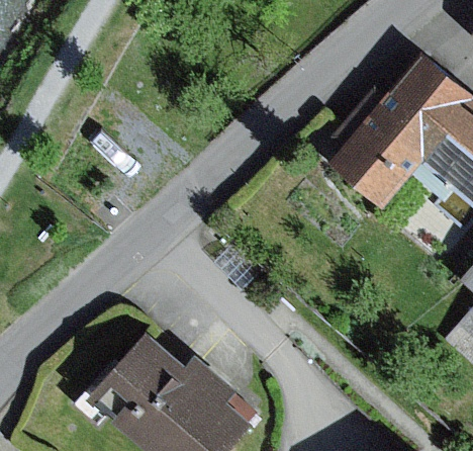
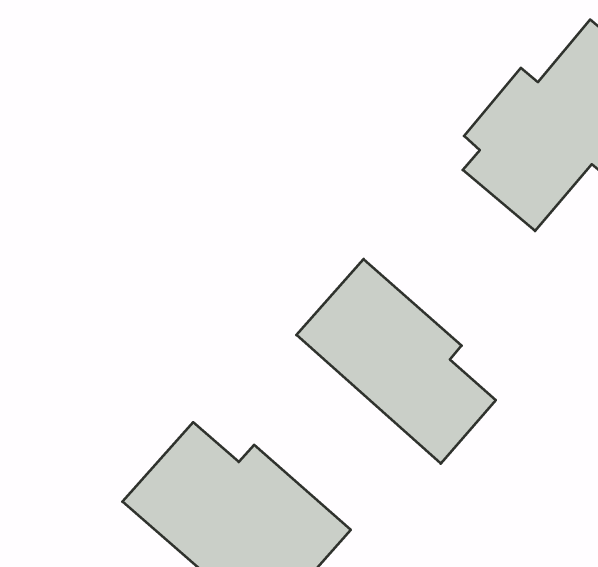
building: none -> [296,259,496,464]

